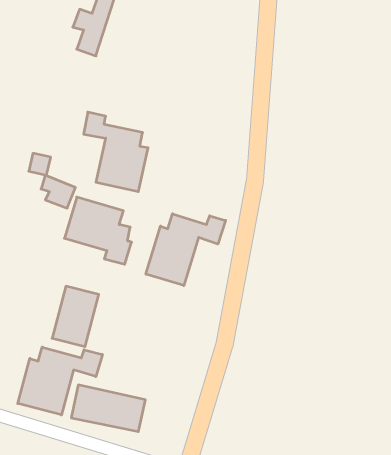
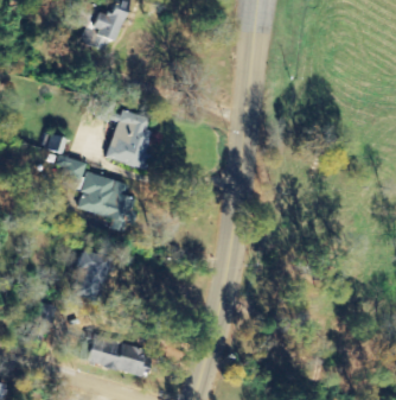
building: [146,214,226,286] -> none
building: [18,347,102,415] -> none

